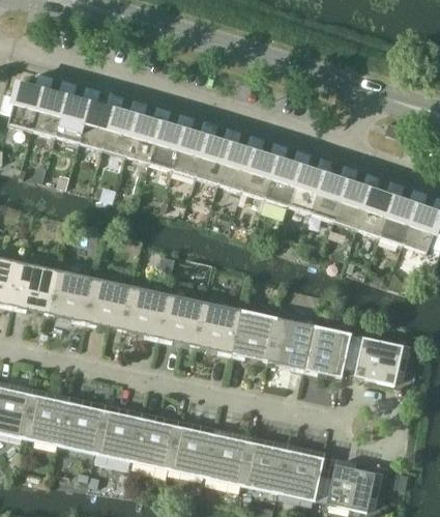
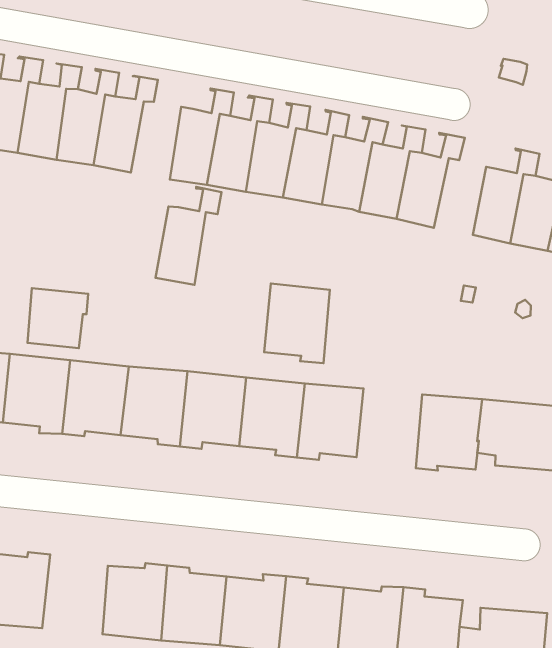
building: [147,111,195,172] -> [155,187,222,285]
building: [332,171,381,229] -> none
building: none -> [27,288,88,348]
building: [267,317,313,371] -> [264,283,330,363]
building: [58,398,104,452] -> none

